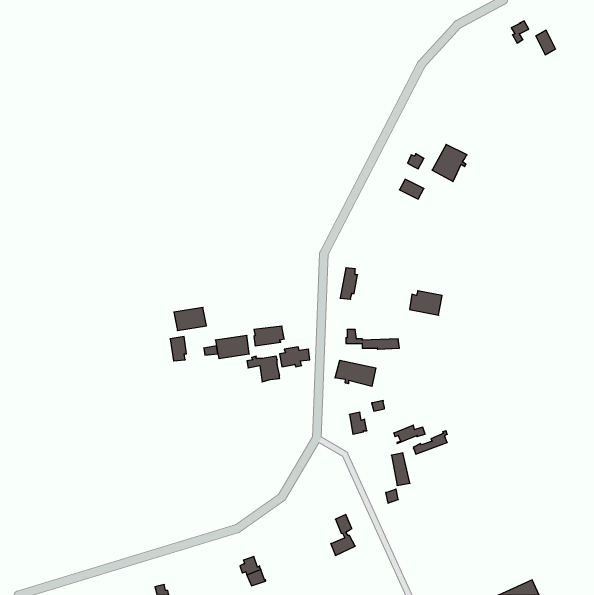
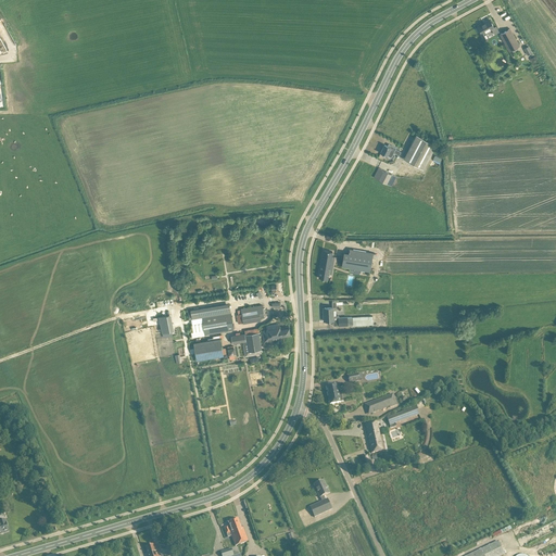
building: [410,291,442,315] -> [341,249,371,271]
building: [174,307,206,331] -> [192,338,223,359]
building: [335,360,376,386] -> none

